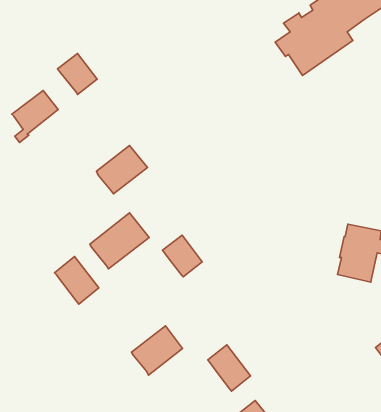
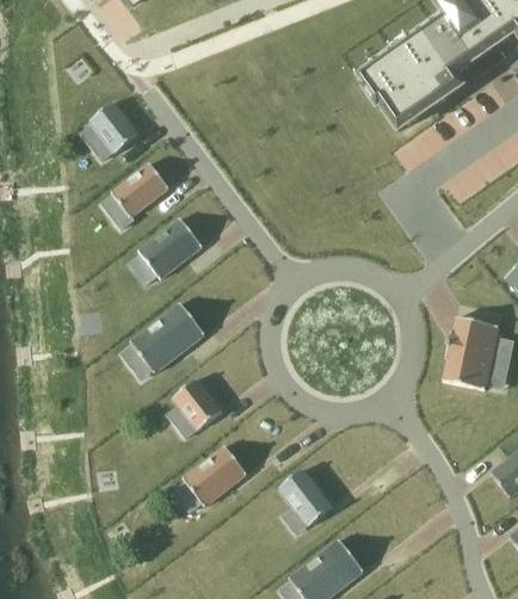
building: [12,91,58,143] -> [111,163,169,229]
building: [162,235,202,277] -> [172,378,222,431]
building: [54,257,99,304] -> none

